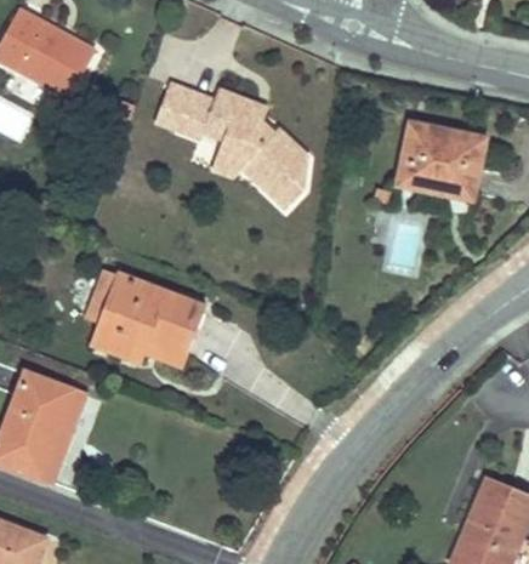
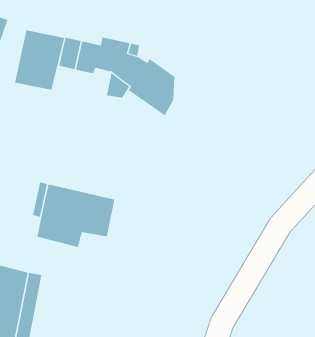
building: none -> [14,30,65,90]
building: [393,127,477,203] -> none

